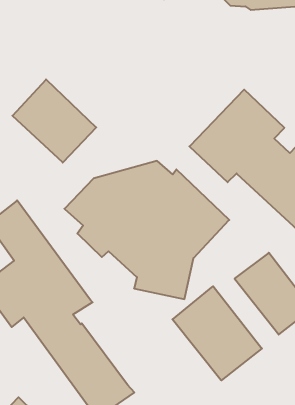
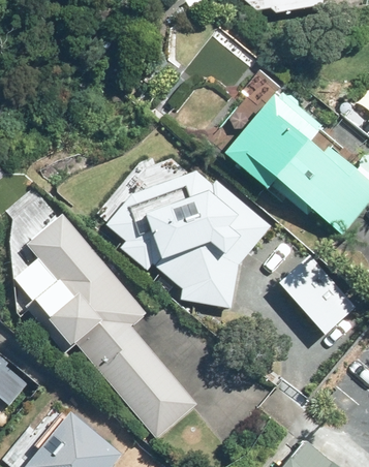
building: [12,79,96,163] -> none
building: [172,286,262,380] -> none

